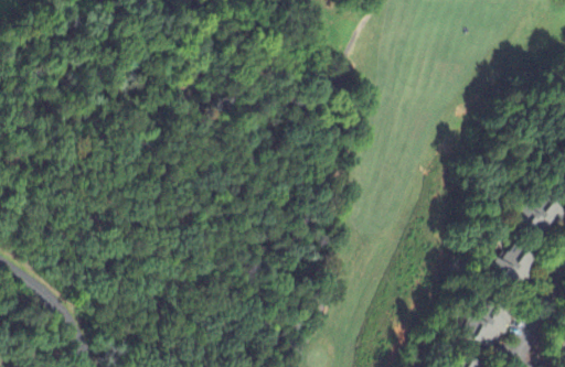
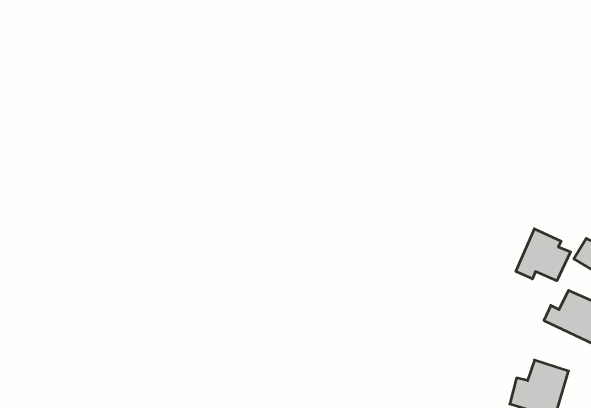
building: none -> [516,229,571,281]

